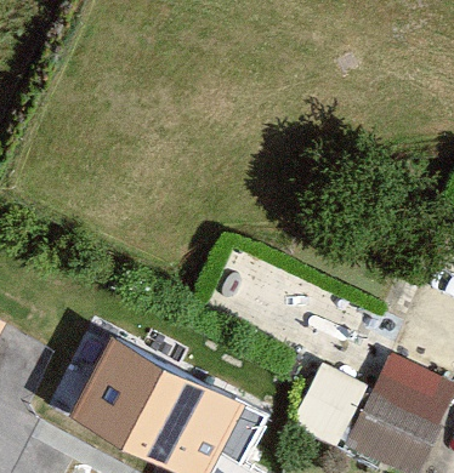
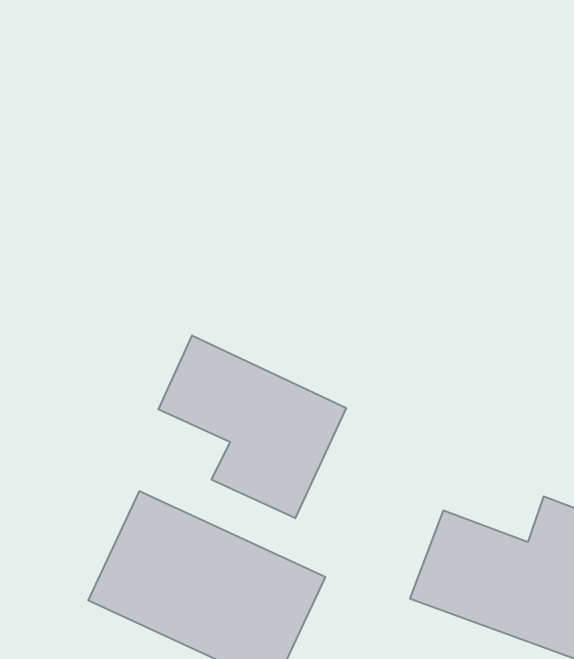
building: none -> [158,335,346,518]

